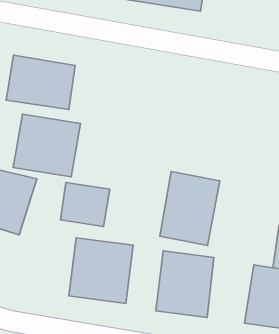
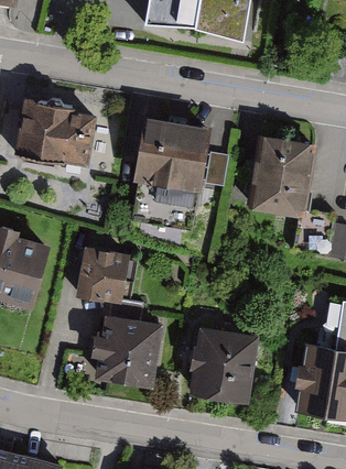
building: [13,114,81,177] -> [131,117,210,190]
building: [160,172,220,246] -> [246,137,316,223]

